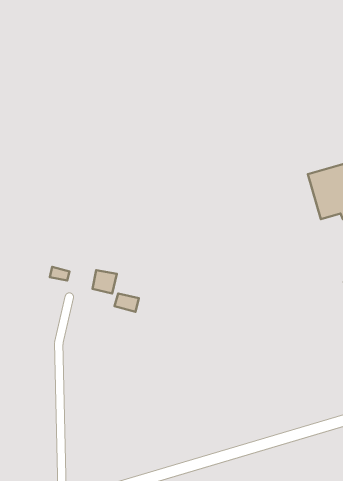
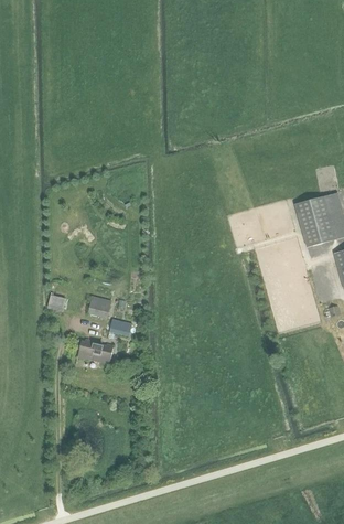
building: none -> [77,339,112,364]

